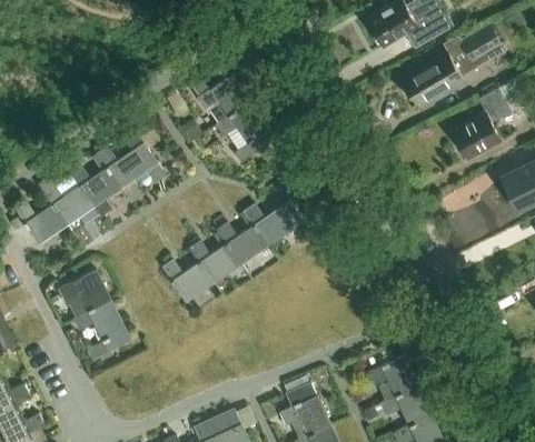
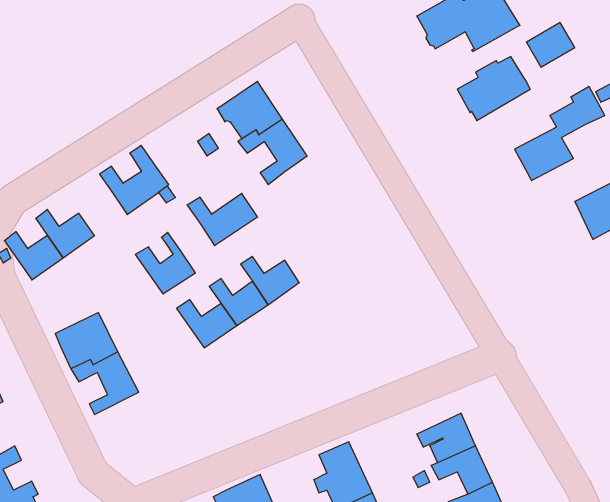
building: [69,153,120,205] -> [135,232,195,294]
building: [244,201,304,245] -> [187,193,258,246]

